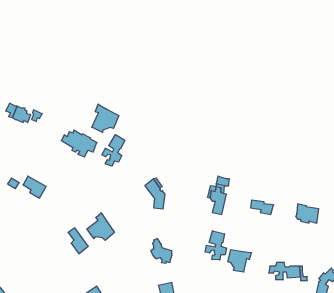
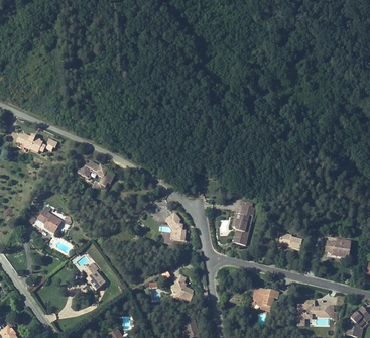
building: [92,104,119,133] -> none
building: [102,135,125,166] -> none
building: [87,213,114,240] -> none
building: [205,231,226,260] -> none

